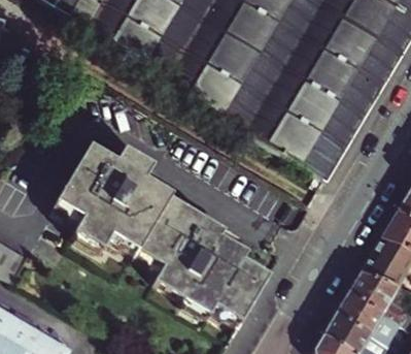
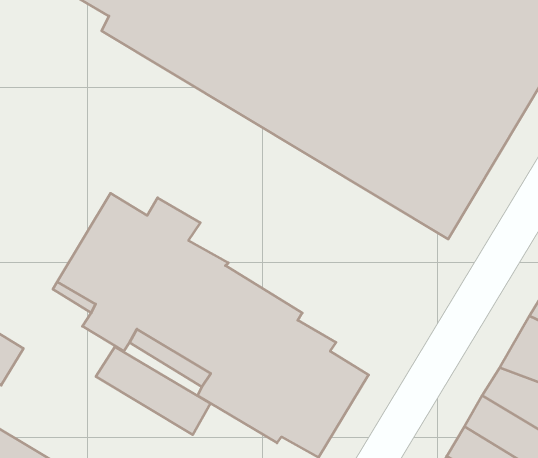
building: none -> [96,347,211,435]

